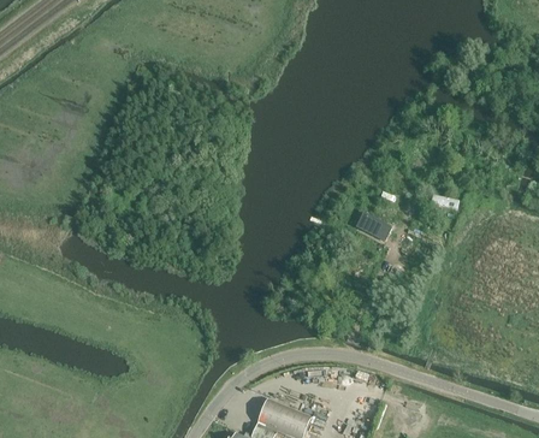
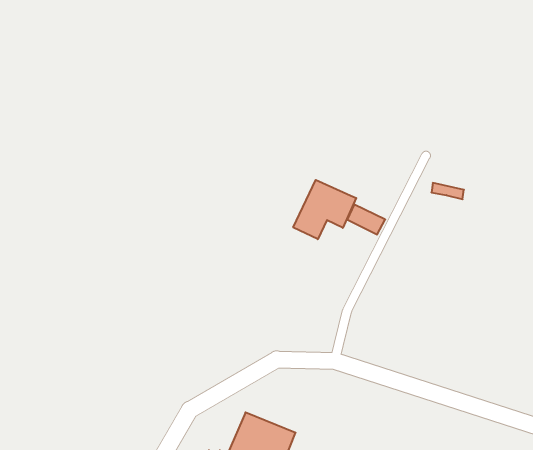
building: none -> [293,180,356,239]

